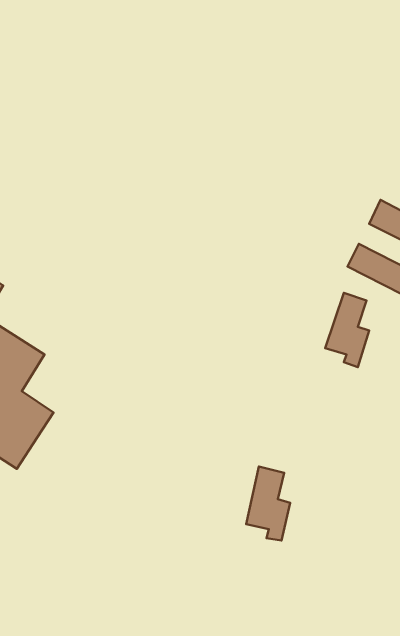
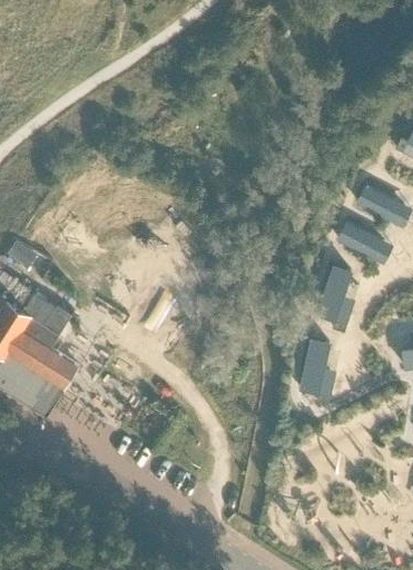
building: [246,466,290,541] -> [298,337,337,403]

